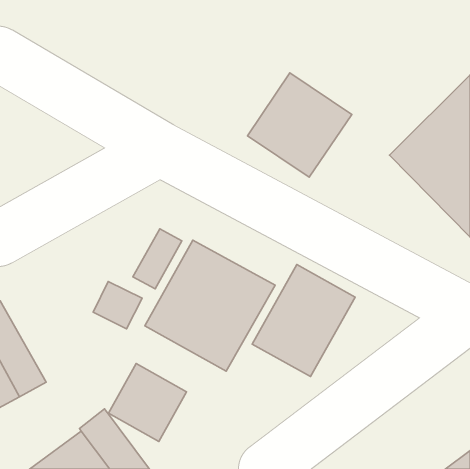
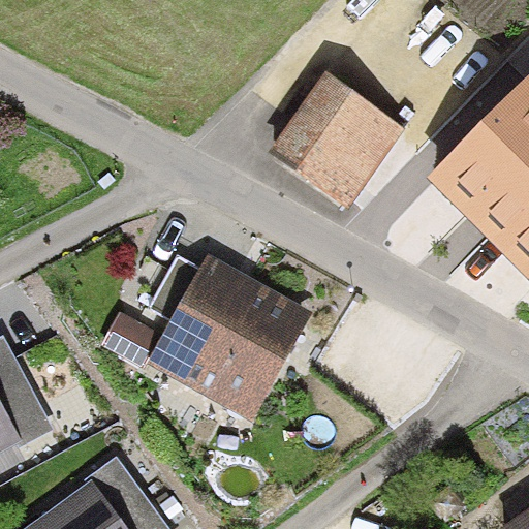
building: [252,265,355,377] -> none
building: [108,363,187,442] -> none

